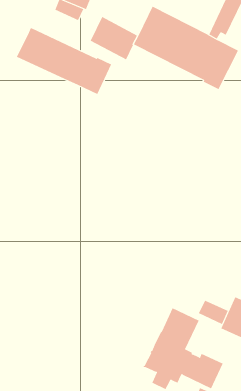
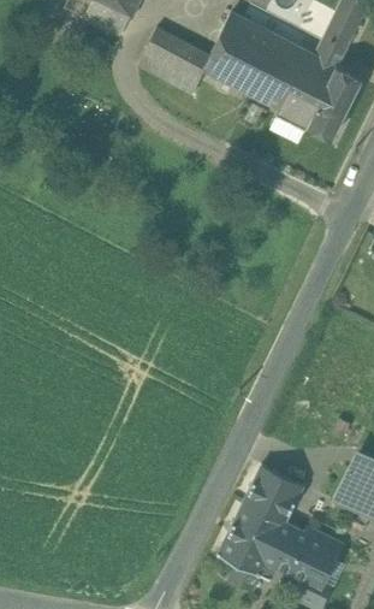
building: [16,27,112,95] -> none
building: [198,300,228,325] -> none

